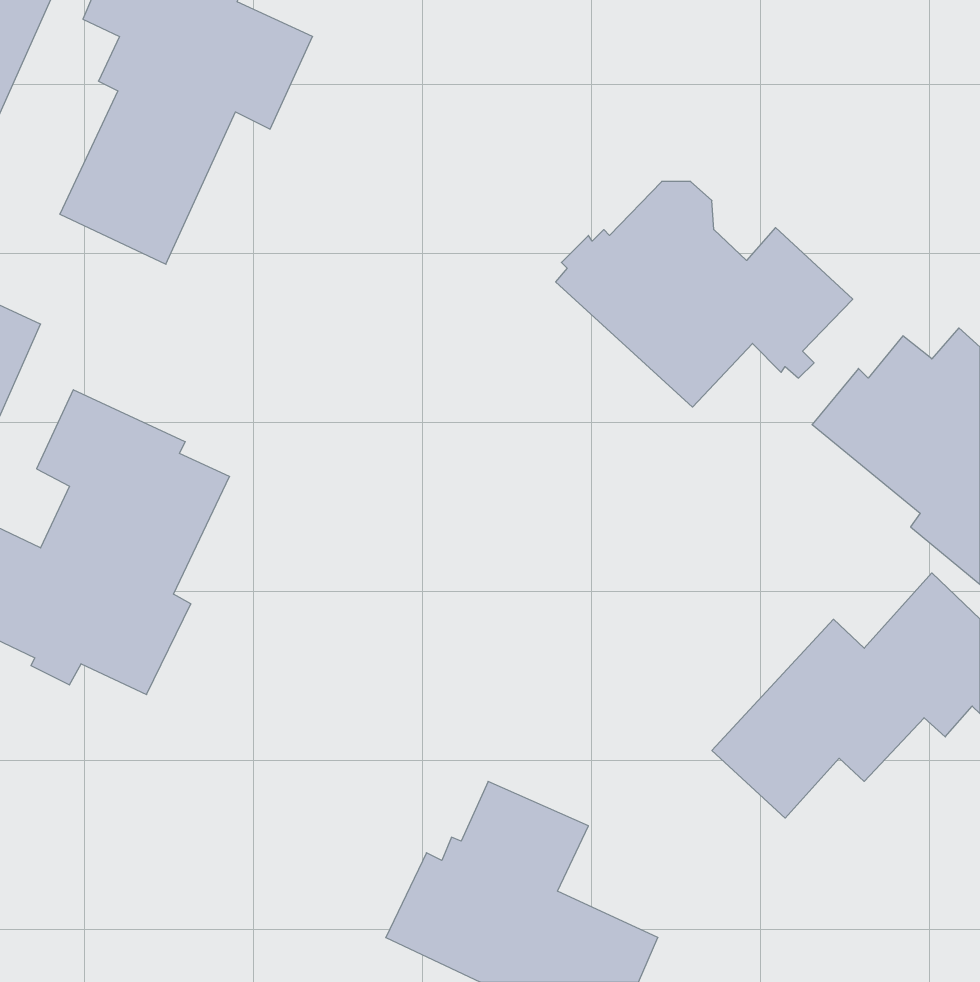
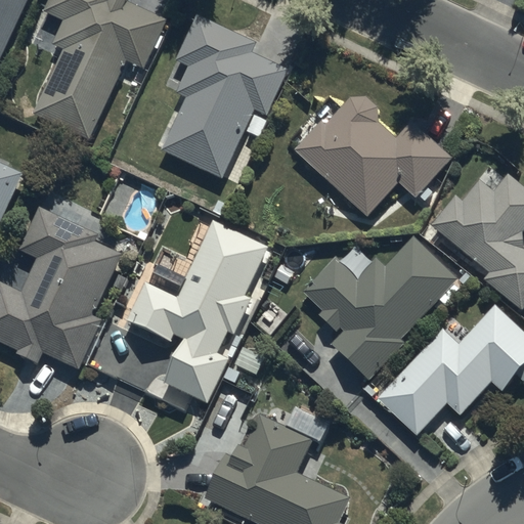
building: none -> [161,13,287,177]
building: none -> [127,219,267,402]
building: none -> [303,235,456,380]

